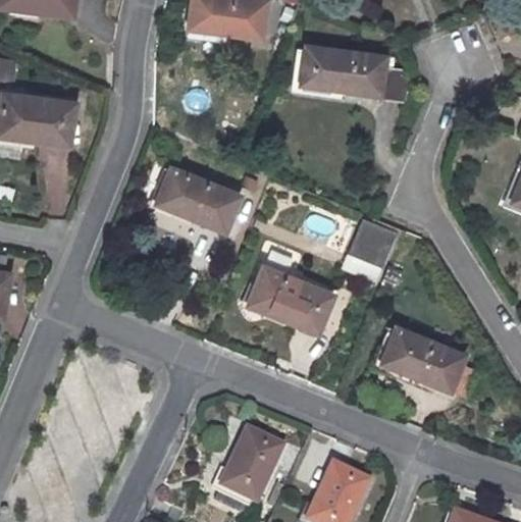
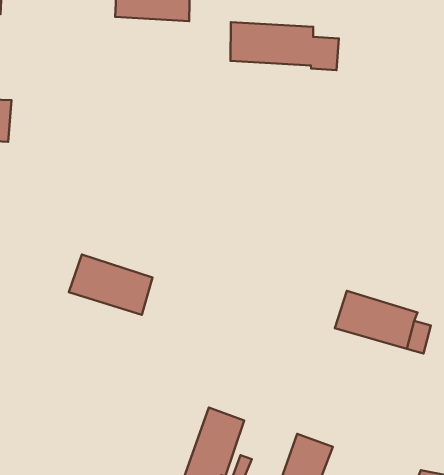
building: [154,166,240,232] -> [69,255,153,315]
building: [349,218,398,268] -> none
building: [248,267,331,331] -> none

